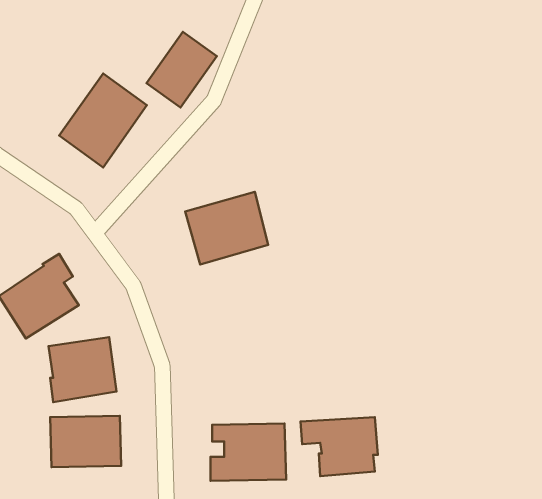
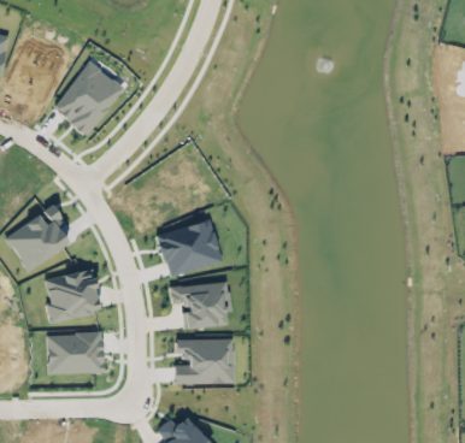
building: [147,32,217,108] -> none
building: [185,192,268,264] -> [157,219,223,277]
building: [301,417,378,476] -> [170,282,231,329]

